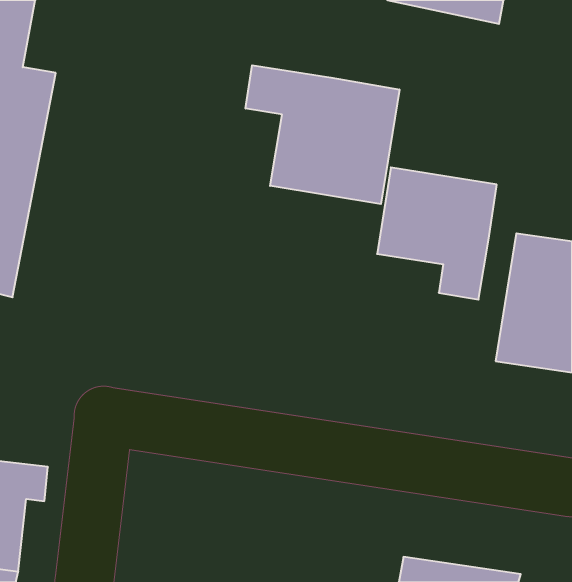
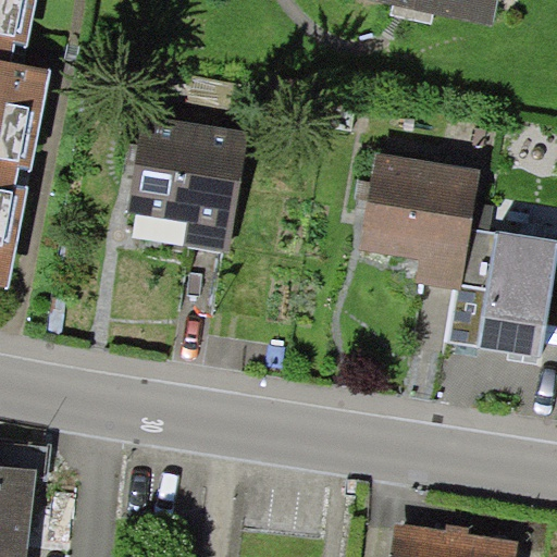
building: [246,65,399,204] -> none
building: none -> [128,123,243,249]

